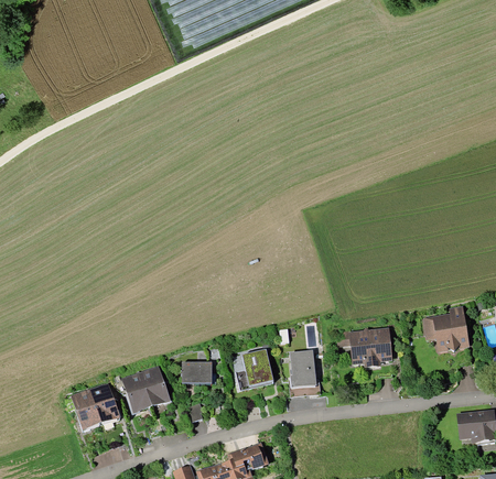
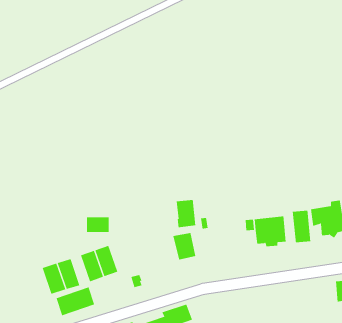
building: none -> [292,210,311,243]
building: [289,350,315,388] -> [176,199,196,228]
building: [181,362,212,383] -> [86,217,109,233]
building: none -> [56,287,95,316]

